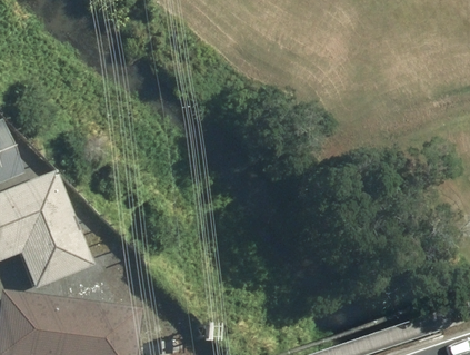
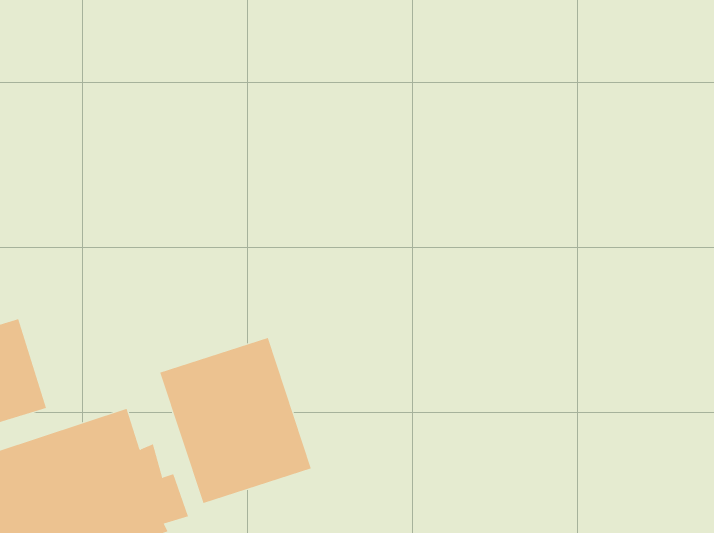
building: none -> [160,337,312,504]

